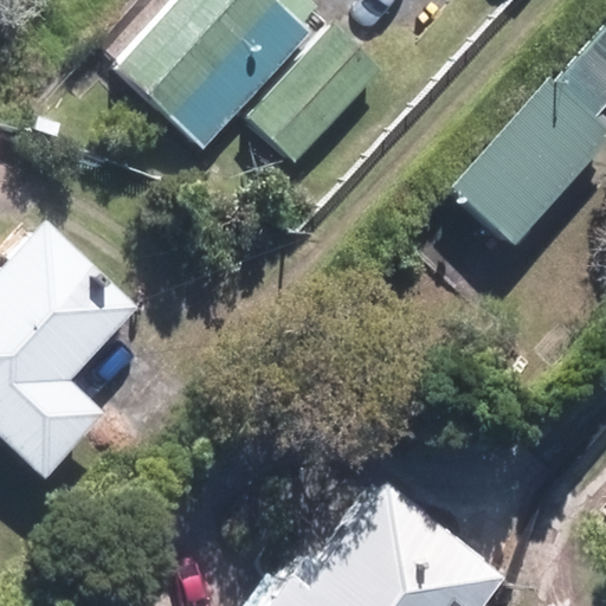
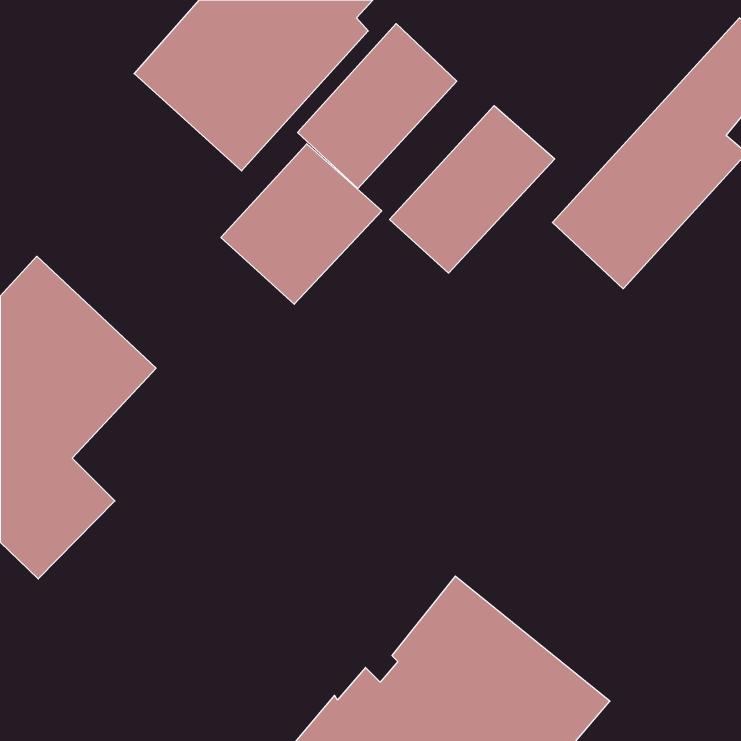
building: none -> [390,106,555,273]
building: none -> [221,144,382,304]

